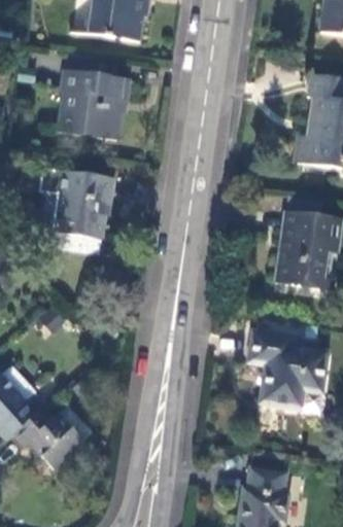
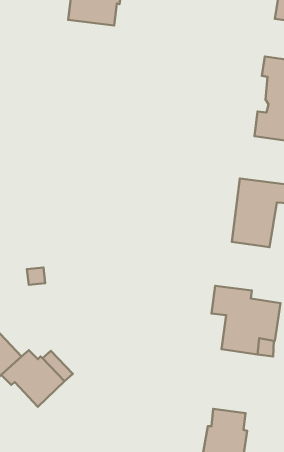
building: [62,72,131,141] -> none
building: [39,167,113,251] -> none

